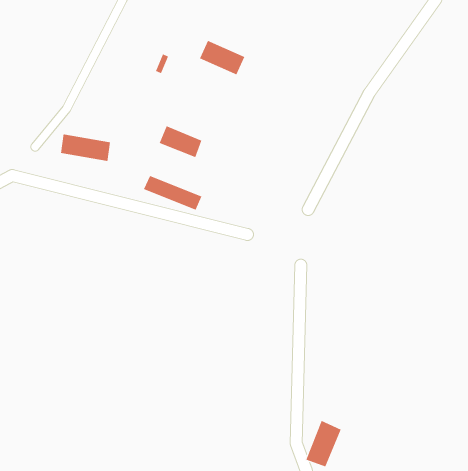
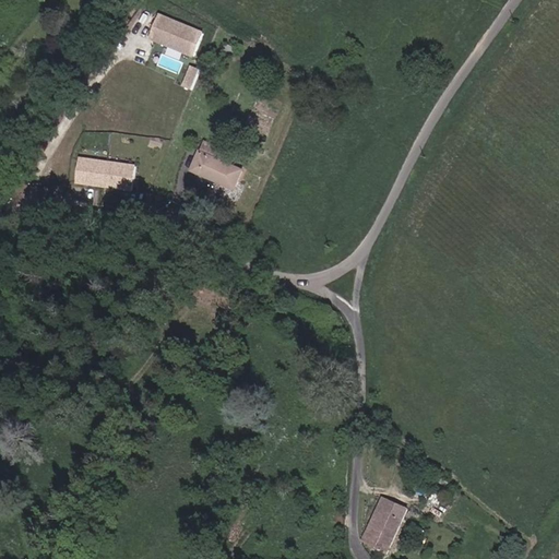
building: [199,40,245,75] -> [148,12,203,53]
building: [143,175,202,211] -> none

